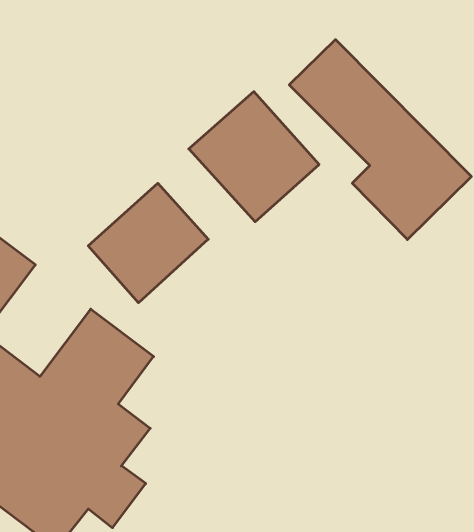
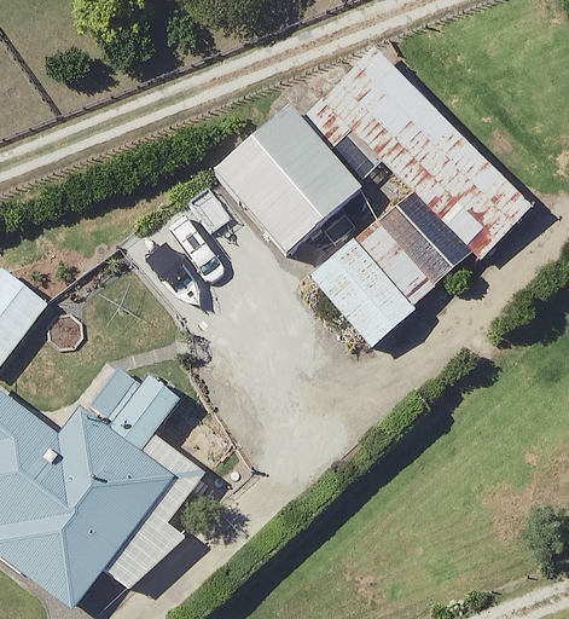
building: [88,183,208,303] -> none
building: none -> [310,219,439,347]

